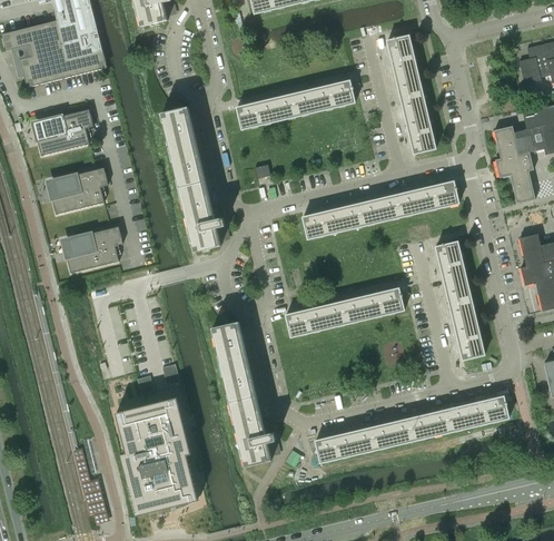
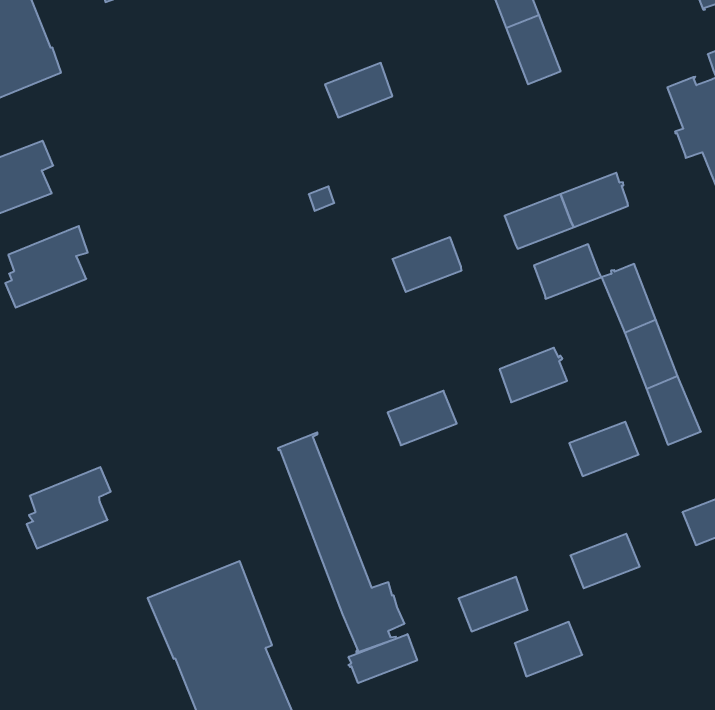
building: [313,80,355,111] -> none
building: [237,98,280,129] -> none
building: [161,107,227,252] -> none
building: [405,110,436,154] -> none
building: [342,198,384,229] -> [534,244,601,299]
building: [67,226,123,273] -> [27,467,111,549]
building: [324,296,366,327] -> none
building: [428,404,472,435] -> [569,422,639,476]
building: [354,422,396,453] -> [515,622,582,676]
building: none -> [348,634,417,683]

